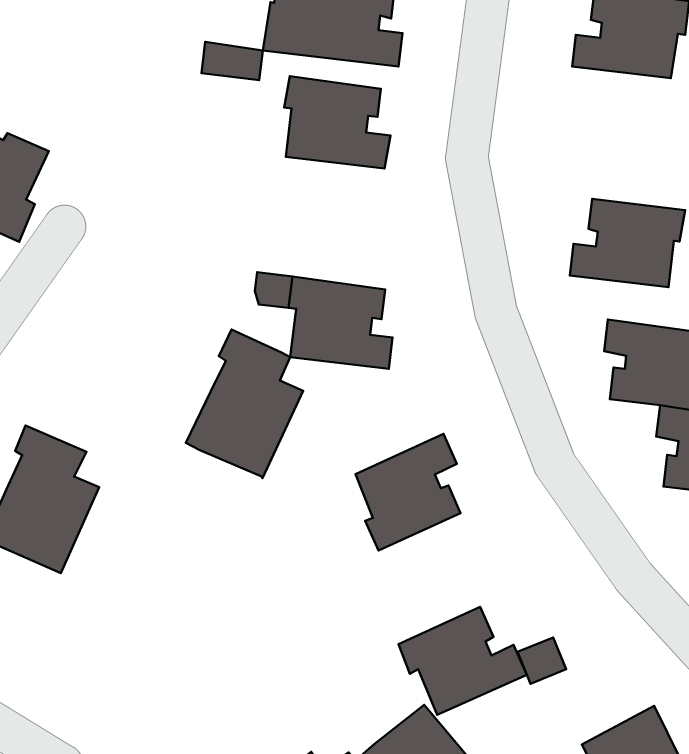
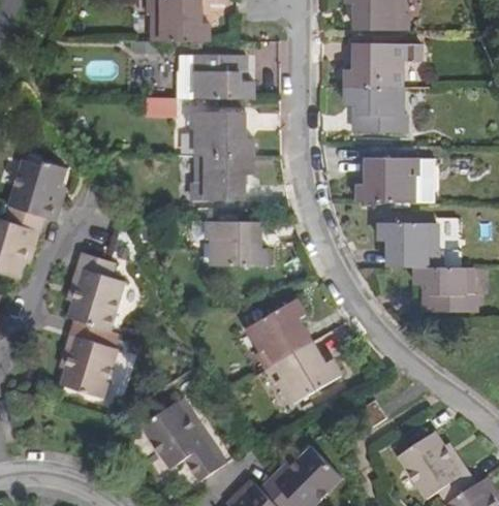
building: none -> [347,87,407,130]
building: none -> [191,155,251,198]
building: [186,329,303,478] -> [63,251,124,330]
building: none -> [139,400,225,479]
building: [398,607,527,715] -> [273,339,345,401]

